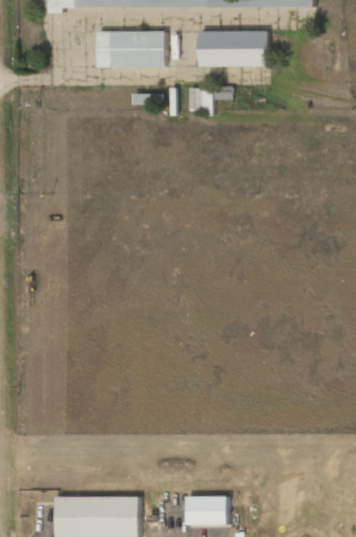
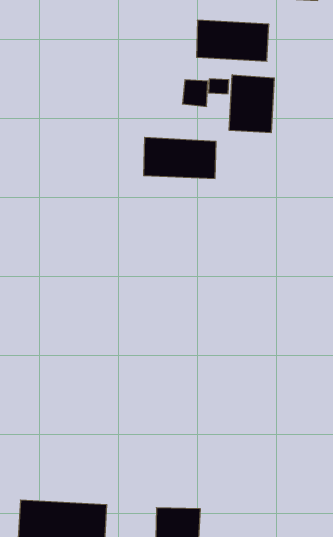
building: [96,31,165,67] -> [144,137,216,178]
building: none -> [229,75,274,133]

